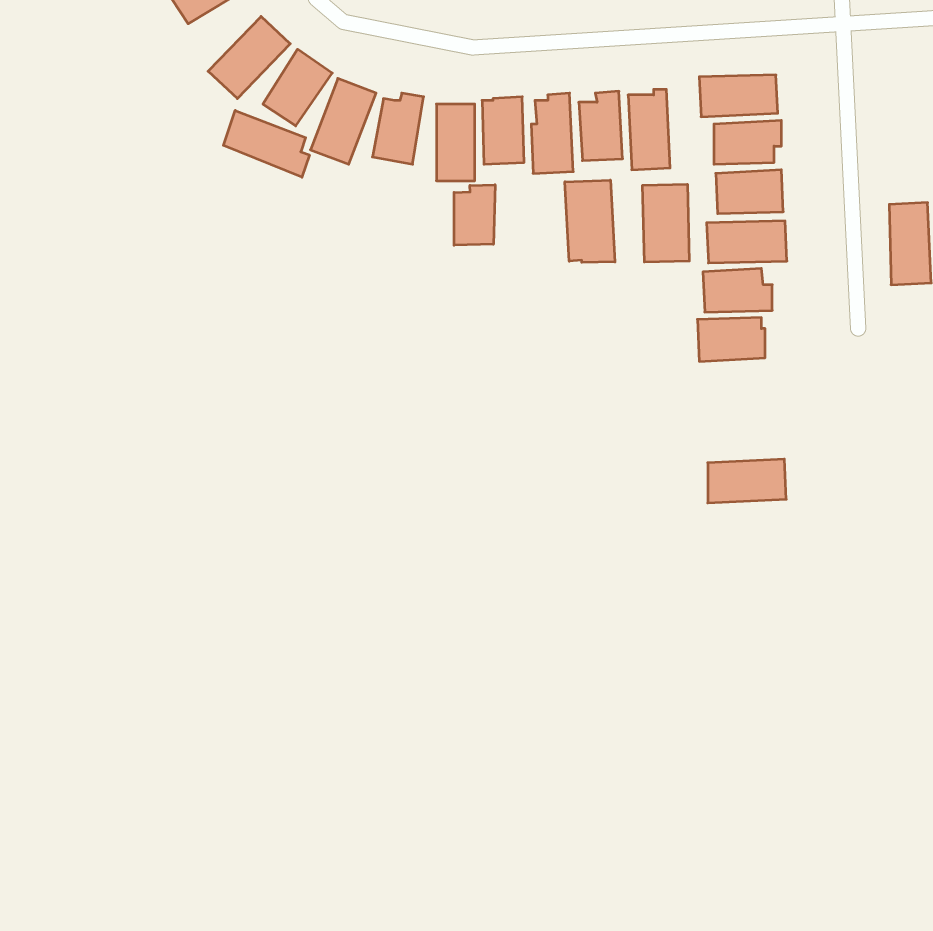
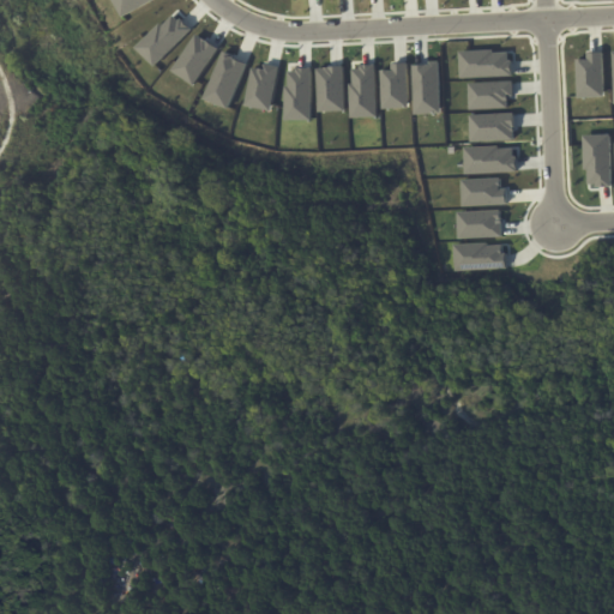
building: none -> [577,50,604,97]
building: [223,110,309,177] -> none
building: [565,180,615,262] -> none
building: [643,184,689,262] -> none
building: [454,185,495,245] -> none
building: [708,459,786,503] -> [455,241,506,270]

